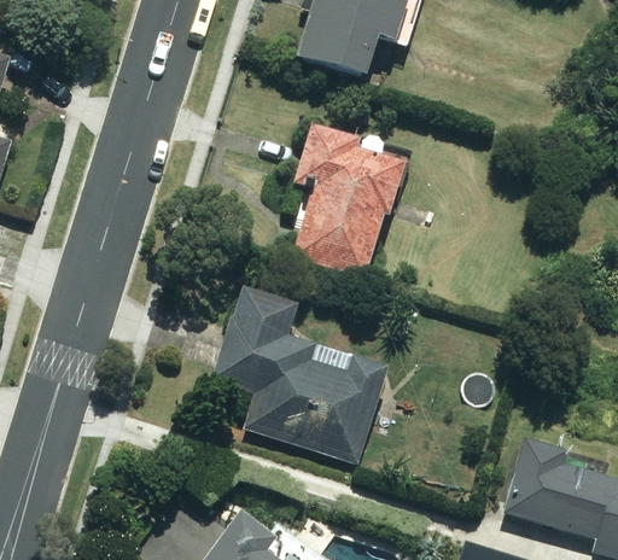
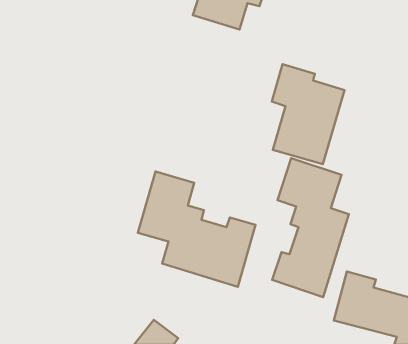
building: [293,126,402,275] -> [272,64,345,164]
building: none -> [272,158,349,297]

